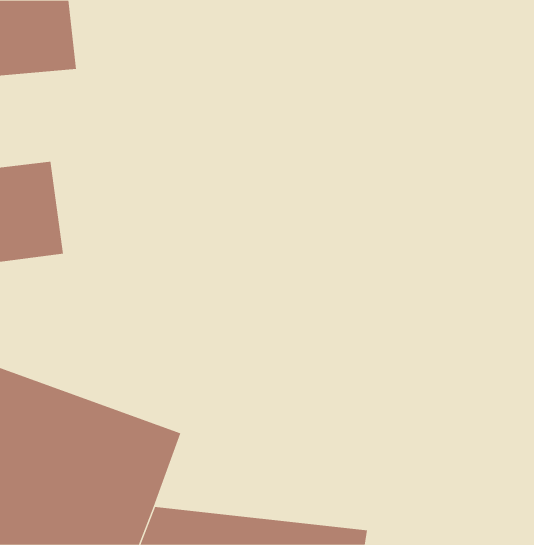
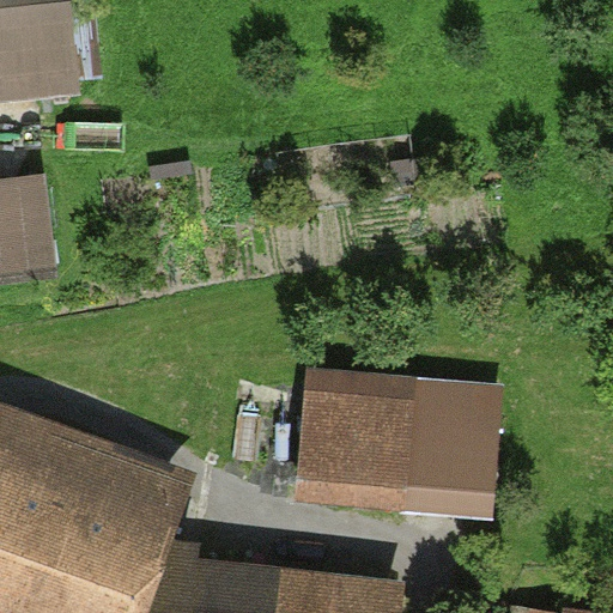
building: none -> [296,375,493,516]

